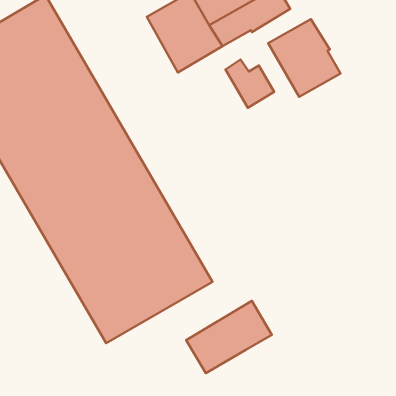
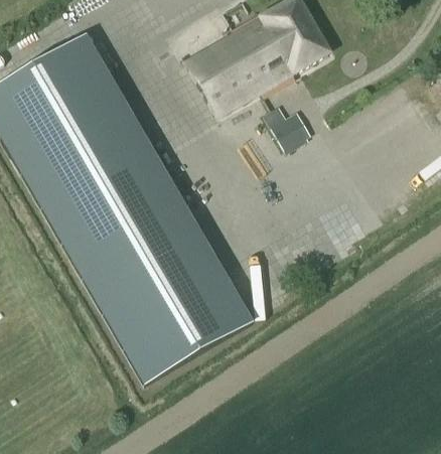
building: [268,19,340,97] -> none
building: [186,301,272,373] -> none

